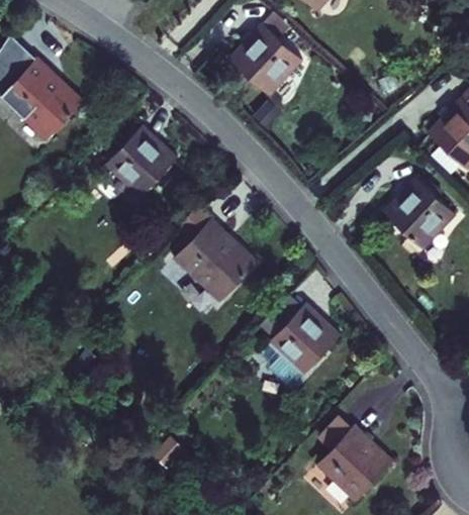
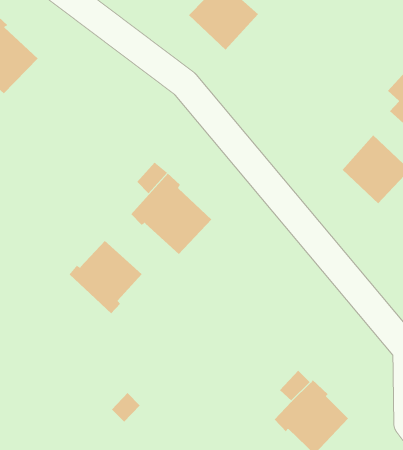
building: [106,126,176,196] -> none
building: none -> [69,240,142,314]
building: [261,304,339,383] -> none

